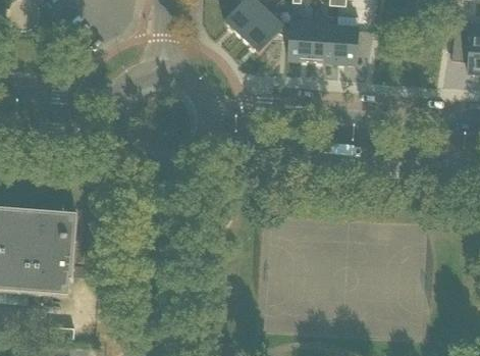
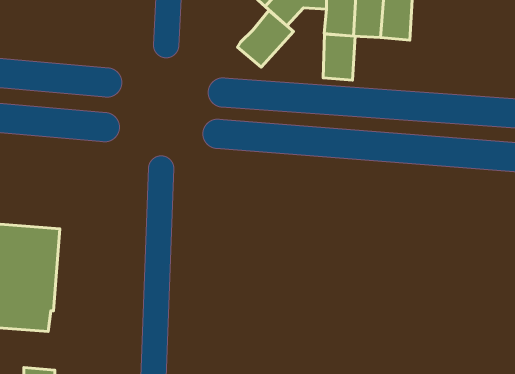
building: none -> [238,10,293,67]
building: none -> [323,34,355,80]

